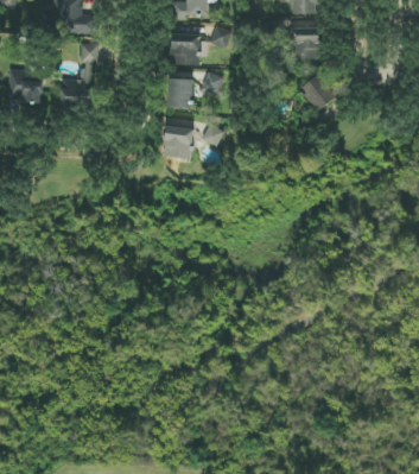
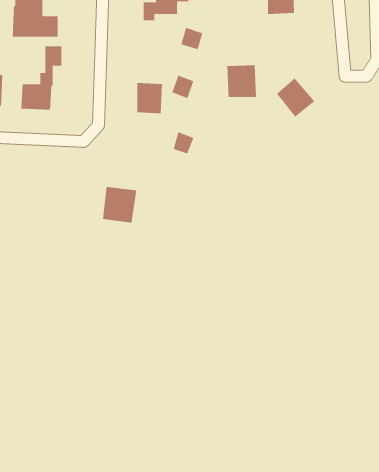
building: [291,27,319,58] -> [227,65,257,97]
building: [172,33,204,65] -> none
building: [161,125,195,159] -> [102,187,137,223]

